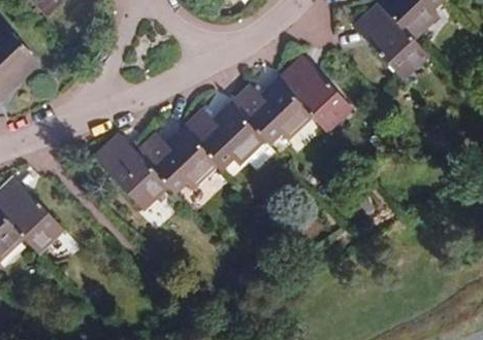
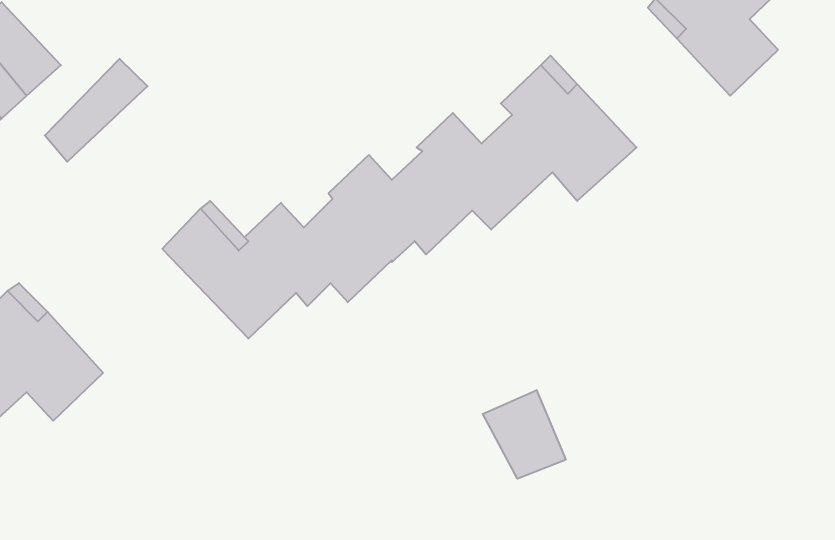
building: none -> [45,59,148,162]
building: none -> [483,390,566,479]

